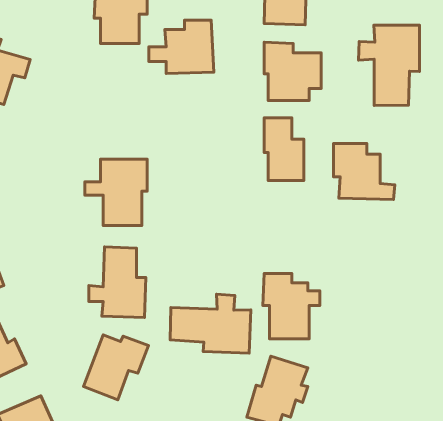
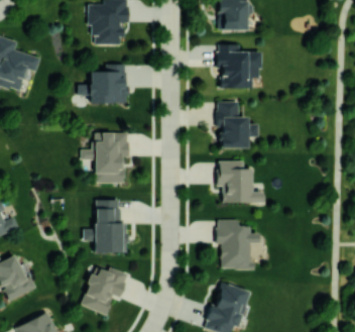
building: [149,20,214,73] -> [79,64,128,104]
building: [358,25,420,106] -> none
building: [334,143,395,199] -> [218,160,264,203]
building: [170,294,251,353] -> none

